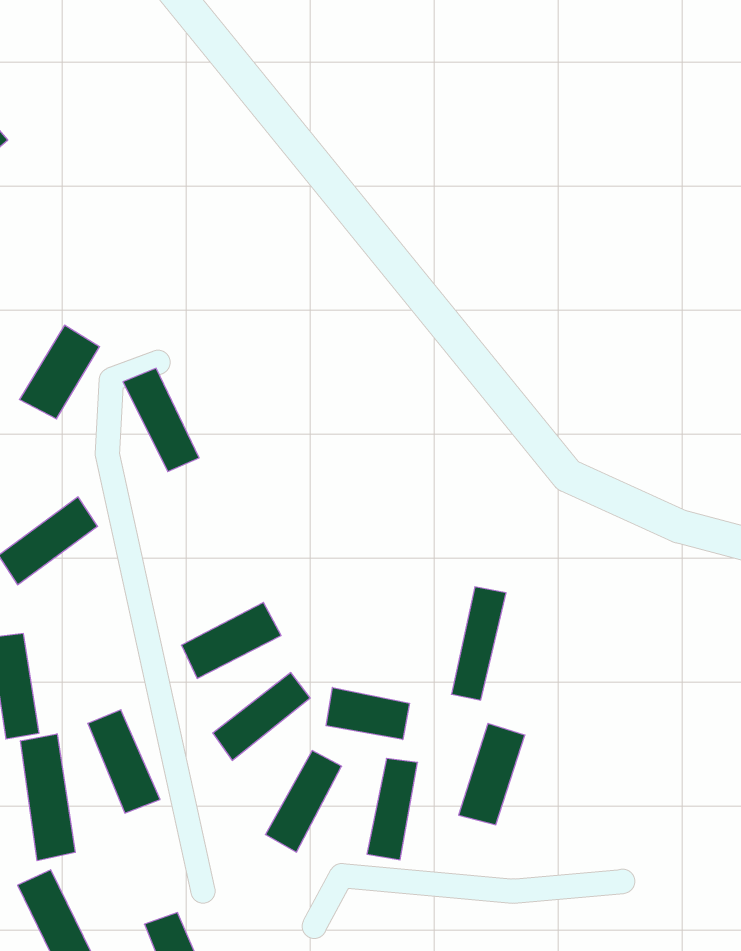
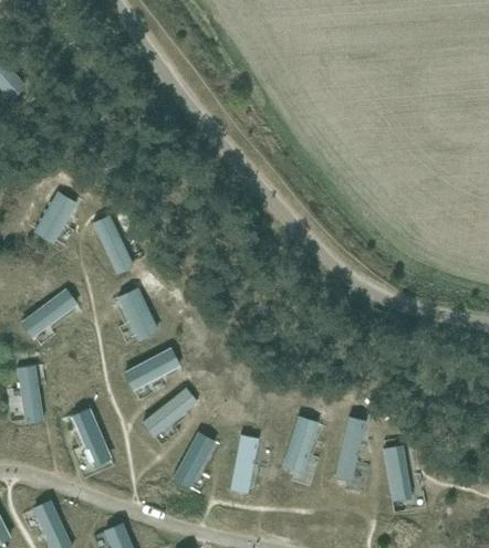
building: none -> [116,287,158,341]
building: [451,587,506,700] -> [335,418,366,482]
building: [326,687,409,740] -> none
building: [21,734,75,861] -> none
building: none -> [383,445,413,503]

